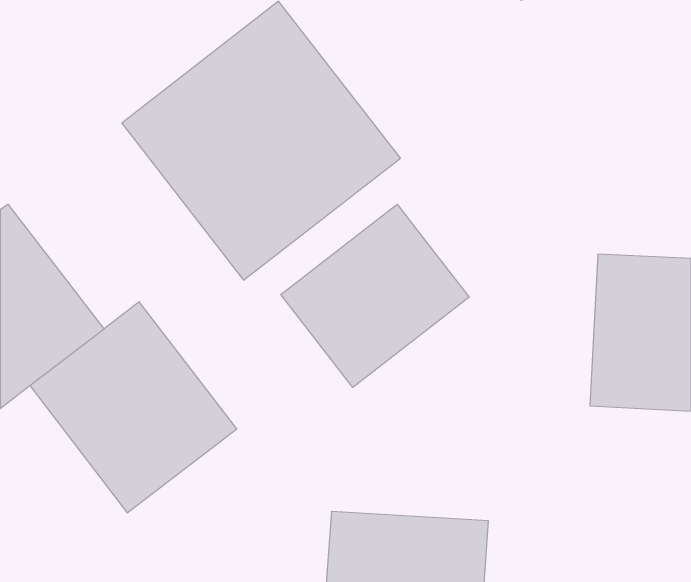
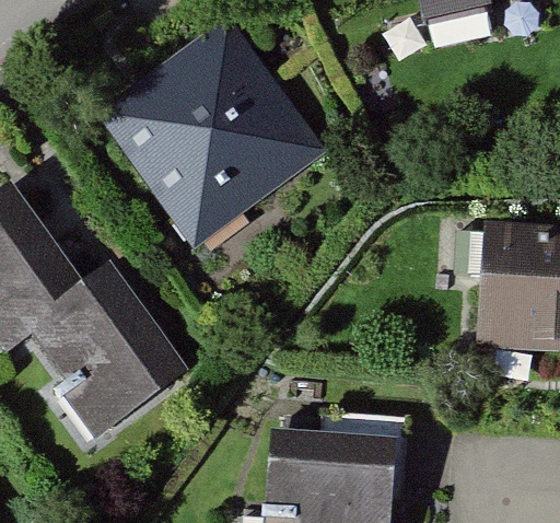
building: [281,204,469,387] -> none

